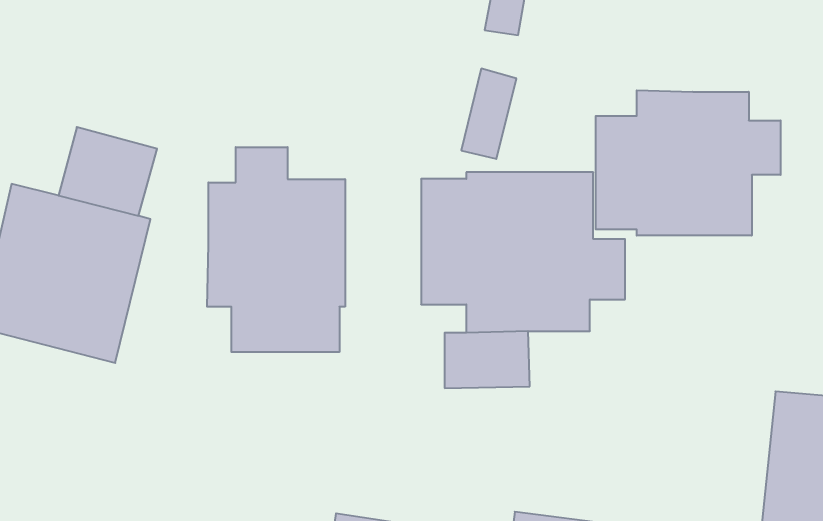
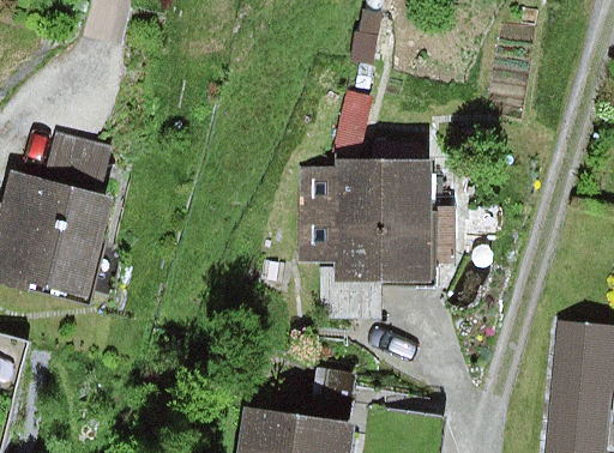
building: [596,90,781,236] -> none
building: [207,147,345,352] -> none

